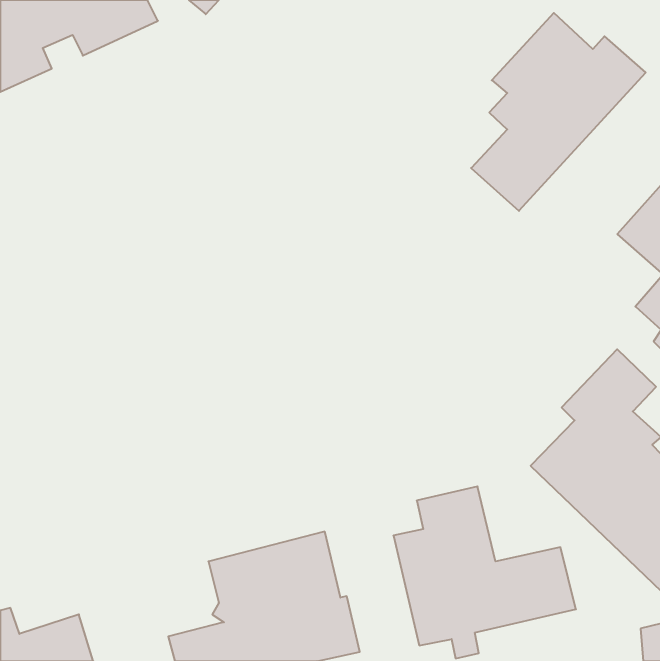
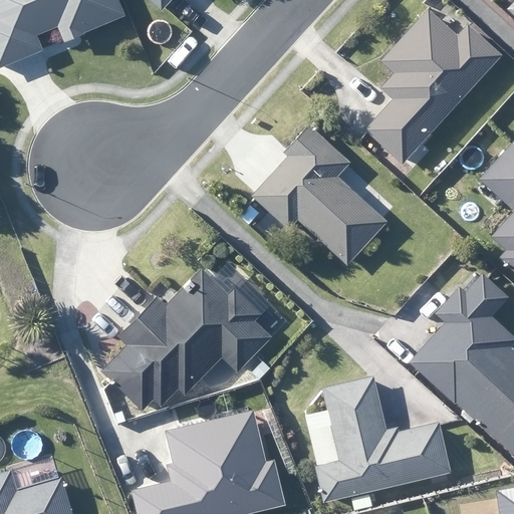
building: none -> [255,127,389,265]
building: none -> [104,264,273,406]

